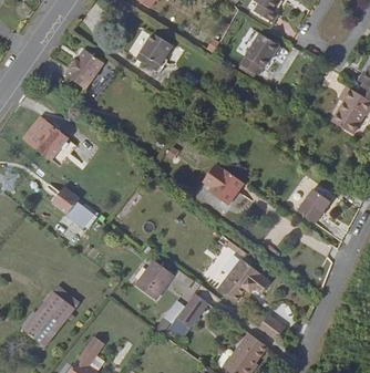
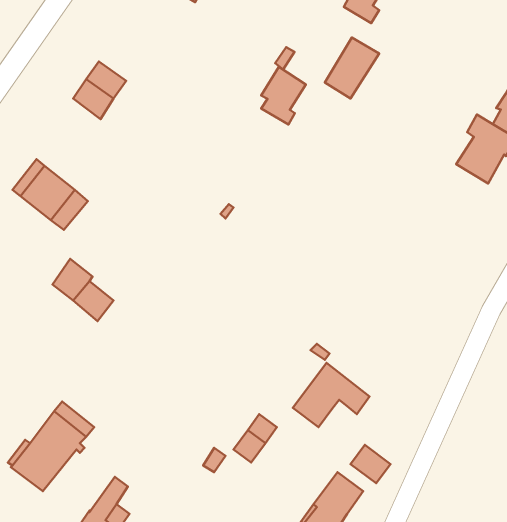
building: [141,33,172,73] -> [261,67,306,124]
building: [209,169,244,205] -> none
building: [297,188,330,224] -> none
building: [136,260,174,300] -> none

